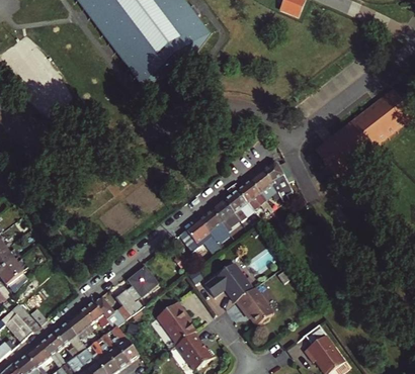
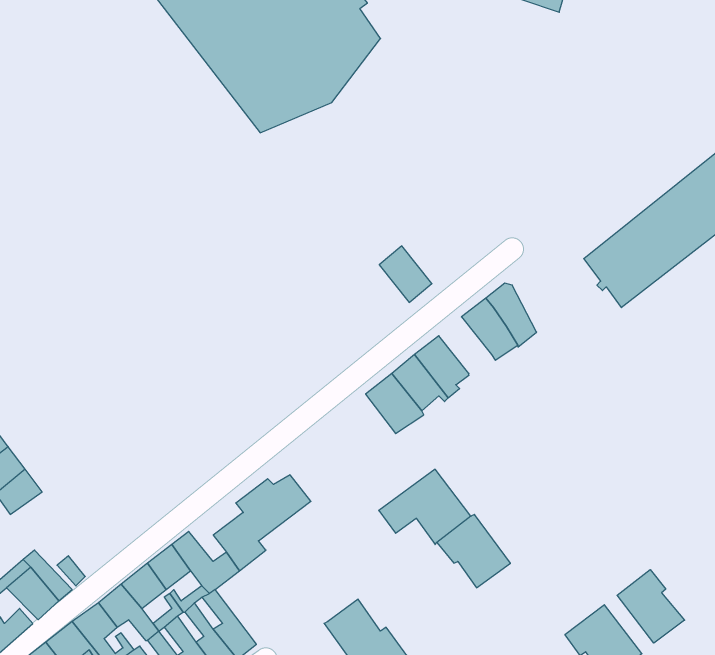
building: [238,180,266,210] -> [379,246,432,302]
building: [180,221,221,255] -> none
building: [158,303,196,344] -> none
building: none -> [617,570,685,643]

